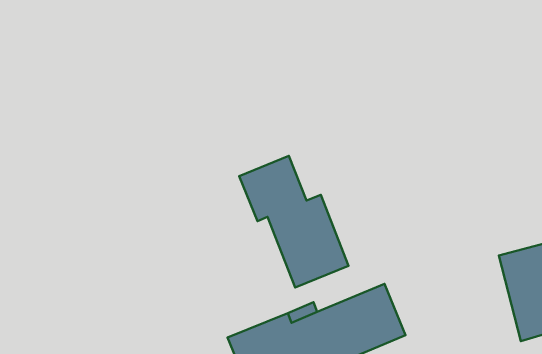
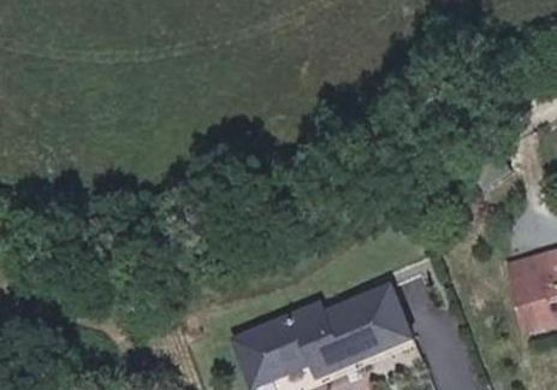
building: [239,156,349,288] -> none

